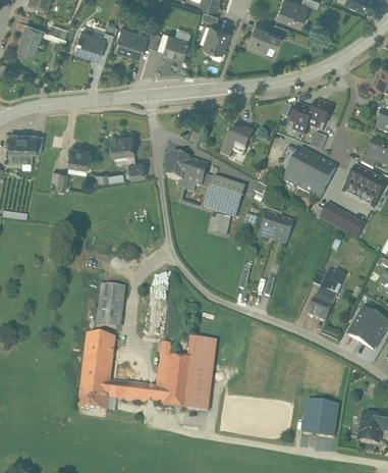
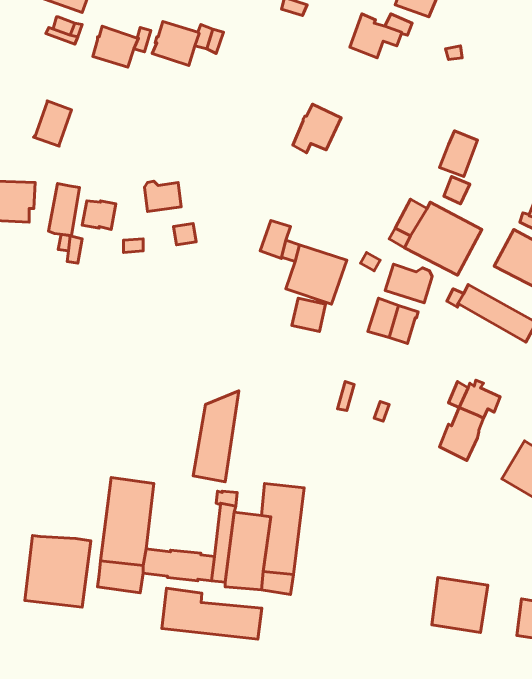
building: [16,23,42,54] -> [33,101,71,146]
building: [204,24,228,50] -> none
building: [162,33,187,56] -> none
building: [287,102,313,133] -> none
building: [220,123,253,156] -> [293,104,341,153]
building: none -> [48,184,79,236]
building: [165,152,193,180] -> none
building: none -> [385,264,432,303]
building: [96,283,121,327] -> none
building: none -> [25,536,91,607]
building: none -> [162,588,262,639]

